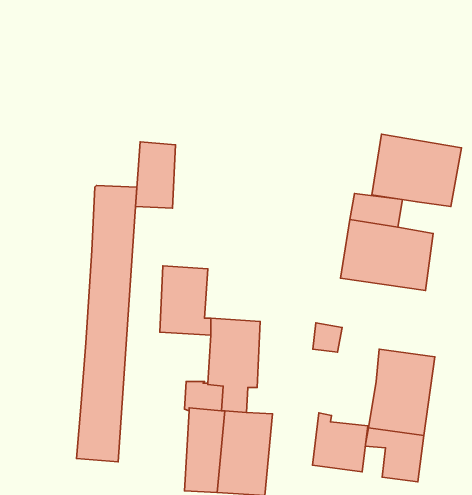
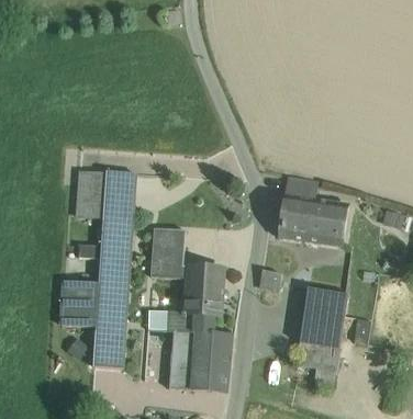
building: [372,134,462,207] -> none
building: [135,142,176,208] -> [77,170,105,217]
building: none -> [60,281,99,326]
building: [312,413,368,472] -> none

